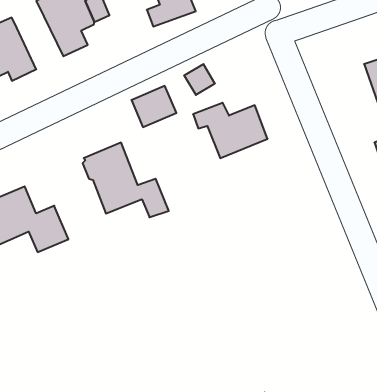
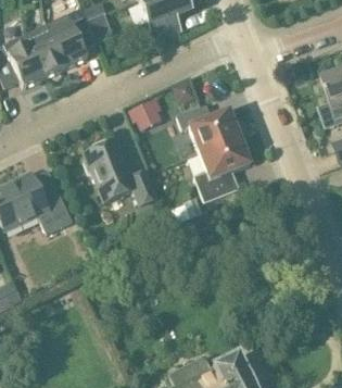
building: none -> [28,34,67,78]
building: none -> [194,137,250,202]

